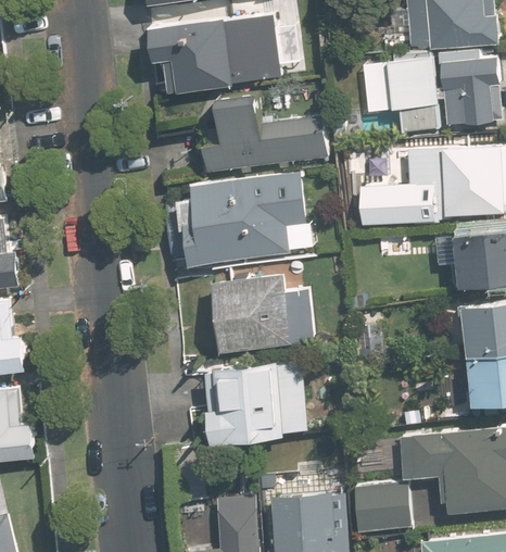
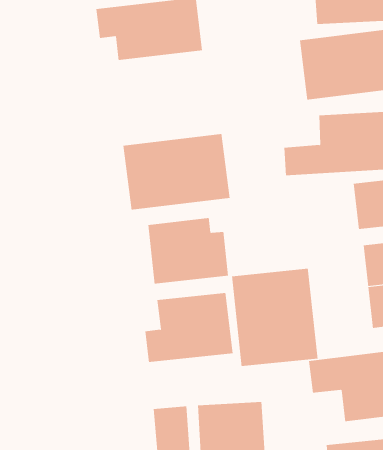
building: [200,95,325,171] -> none
building: none -> [231,268,318,367]
building: [352,485,405,531] -> none

